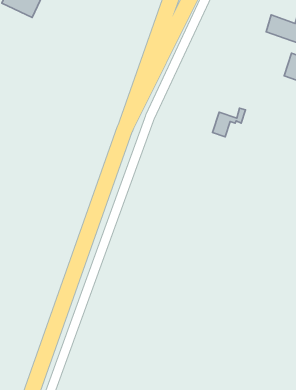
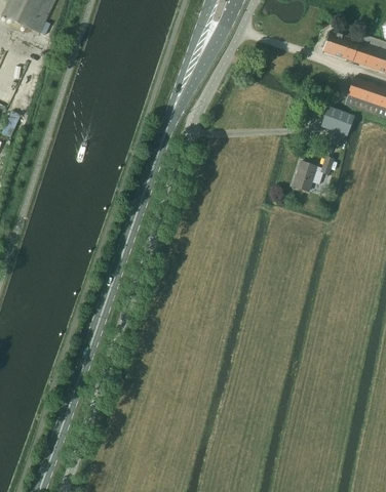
building: none -> [321,106,346,132]
building: [212,108,245,137] -> [294,156,334,191]

